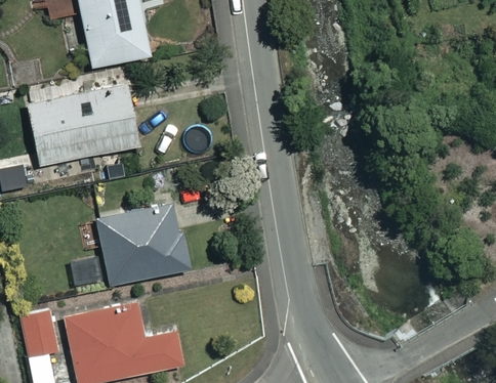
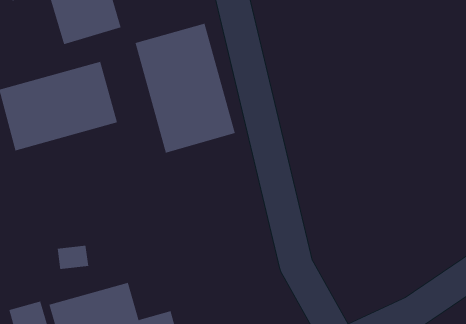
building: none -> [135,23,236,153]
building: [96,201,190,287] -> none

